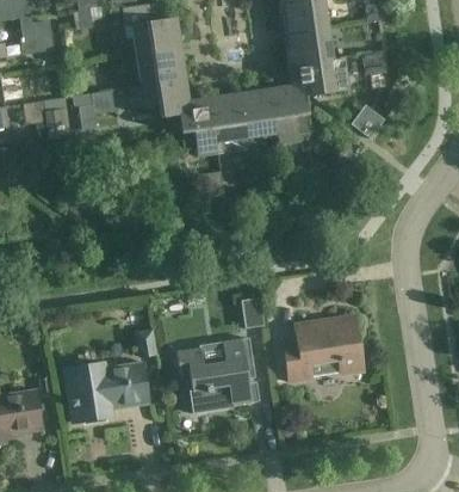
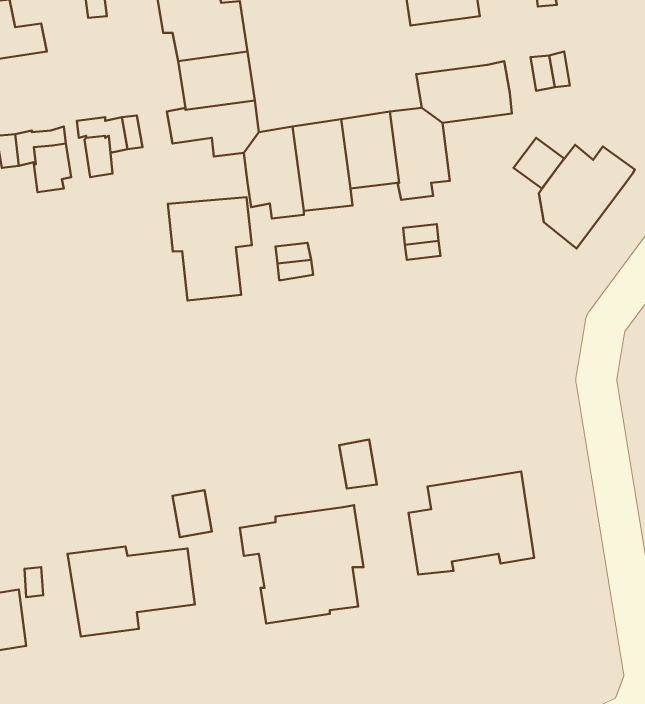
building: [285,26,334,63] -> none
building: none -> [539,145,635,248]
building: none -> [168,197,252,300]

